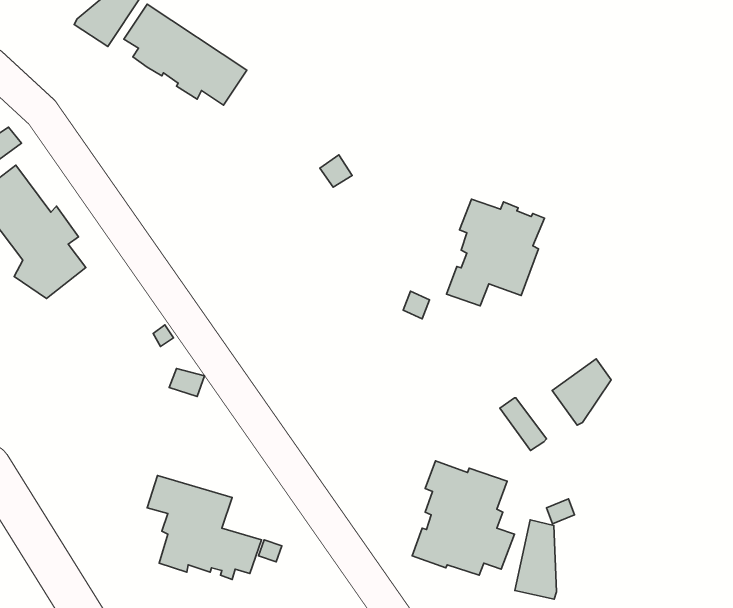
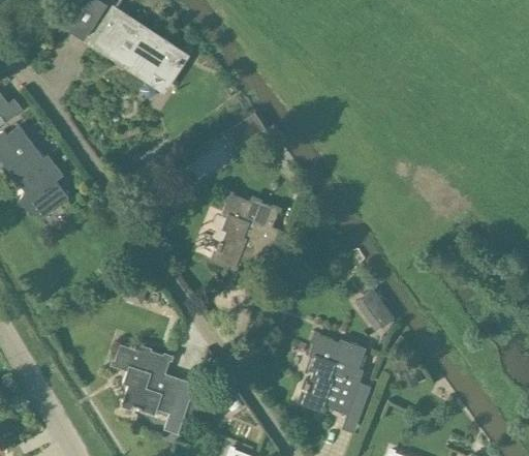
building: [446,199,544,306] -> [212,193,281,269]
building: [552,359,611,425] -> none
building: [515,520,557,599] -> none

